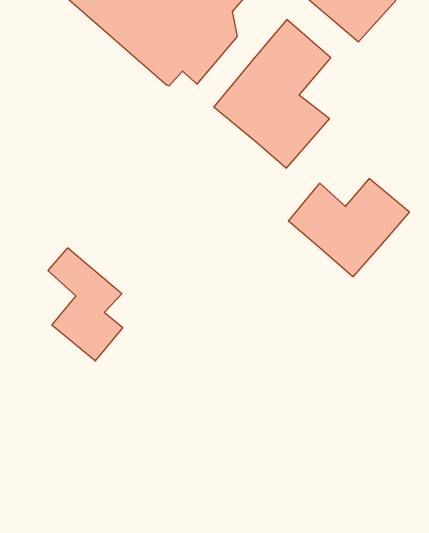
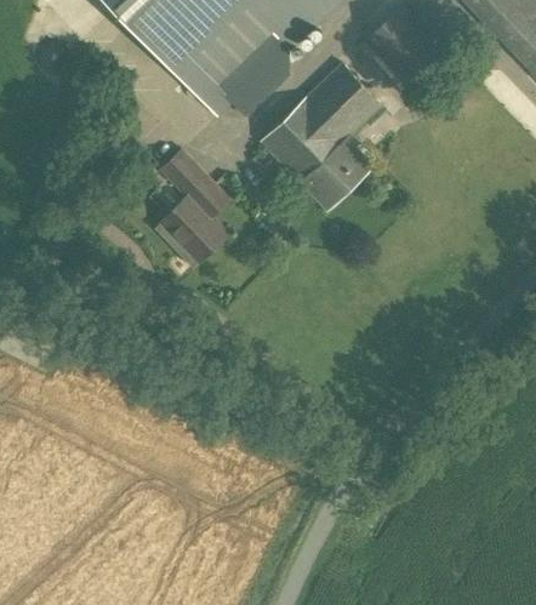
building: [288,178,409,277] -> none
building: [48,248,123,361] -> [158,148,230,263]

